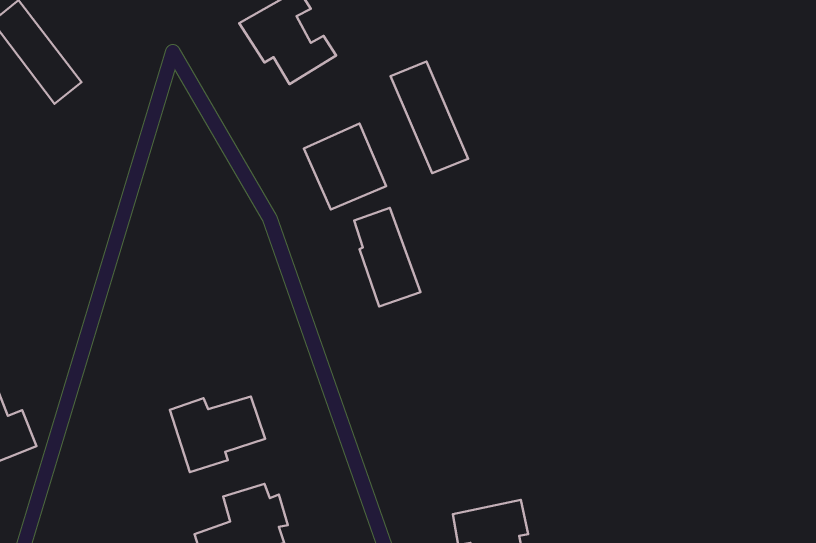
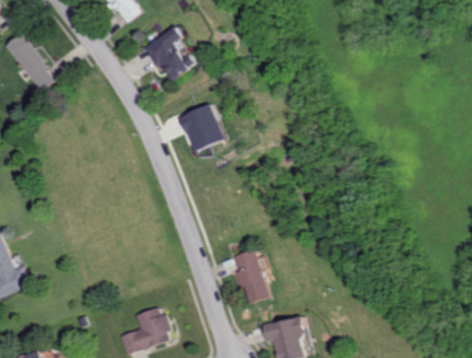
building: [390,62,468,173] -> none
building: [354,208,420,307] -> [234,248,272,304]
building: [170,397,265,472] -> none

